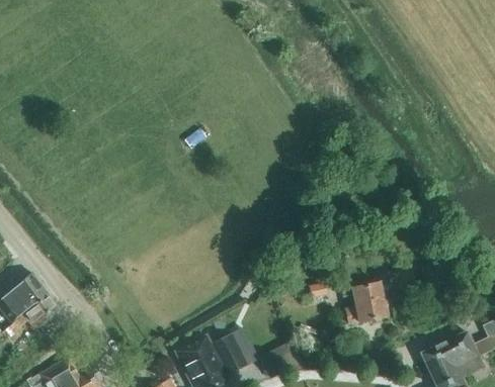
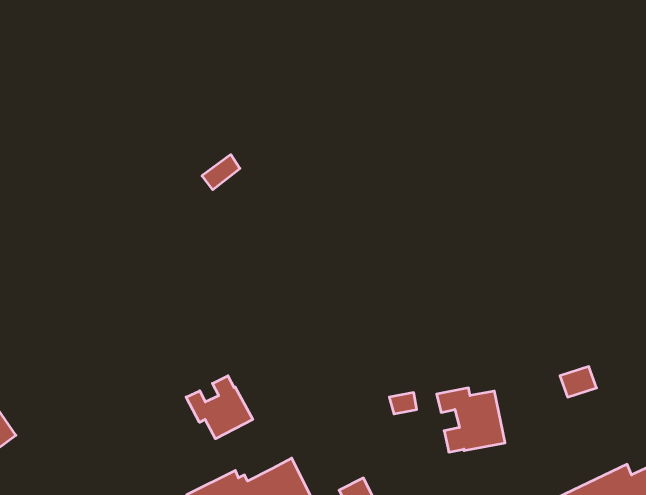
building: none -> [186,376,253,439]

